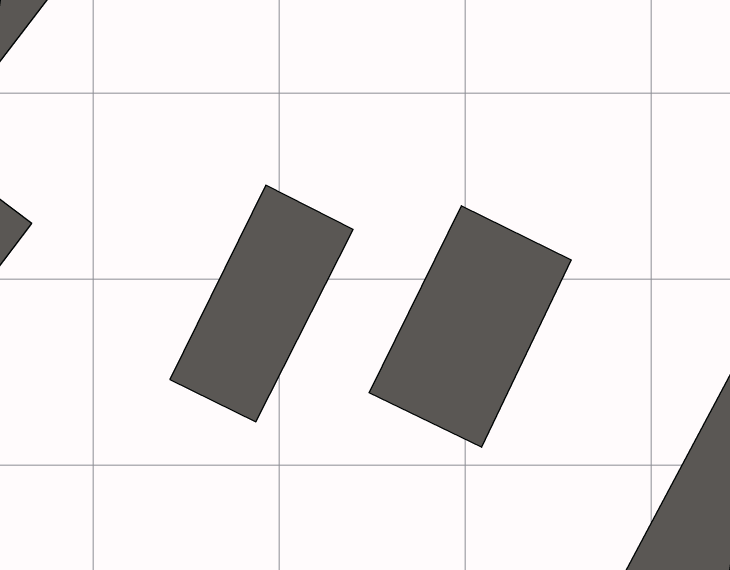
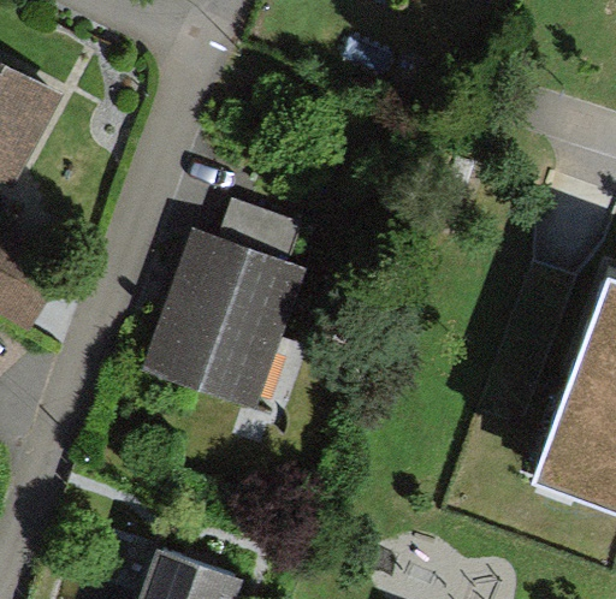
building: [369,206,571,447] -> none

